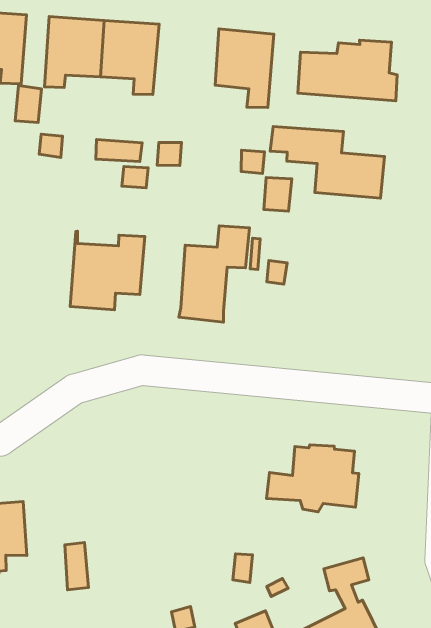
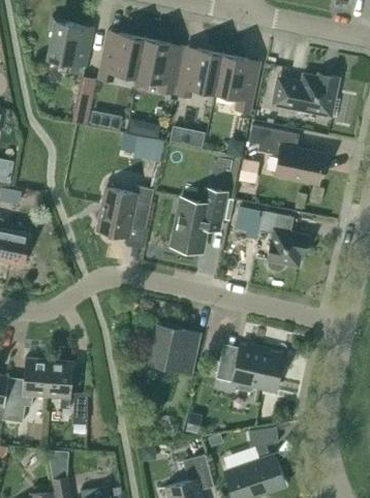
building: none -> [176,46,222,97]
building: none -> [259,211,308,271]
building: none -> [149,324,199,373]
building: none -> [47,360,73,408]

